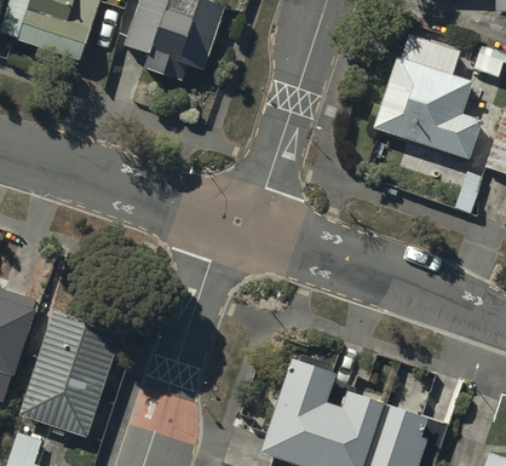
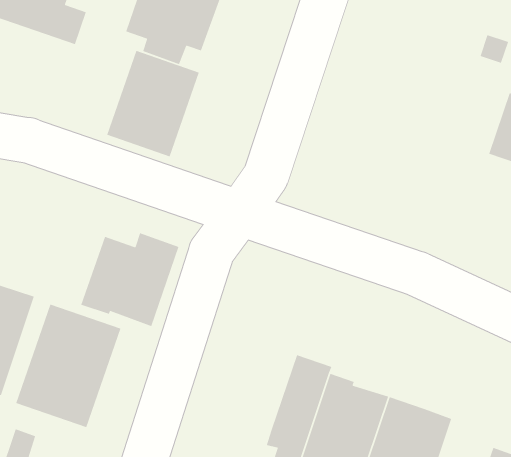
building: [378,35,476,154] -> none
building: none -> [106,50,200,158]
building: none -> [80,232,180,327]

